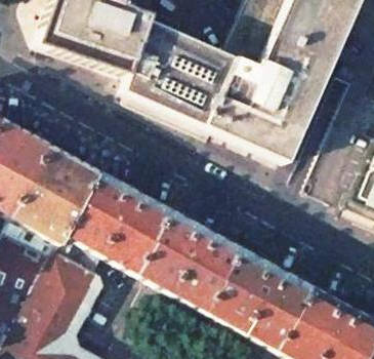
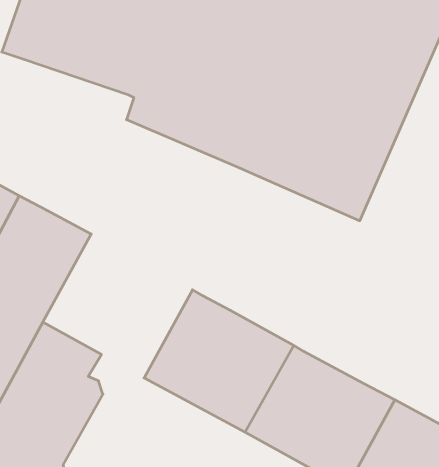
building: [66,174,170,275] -> none

